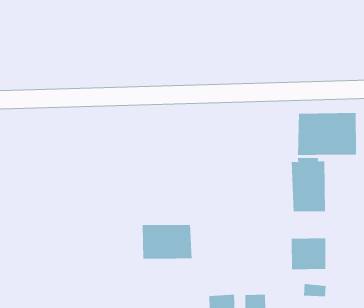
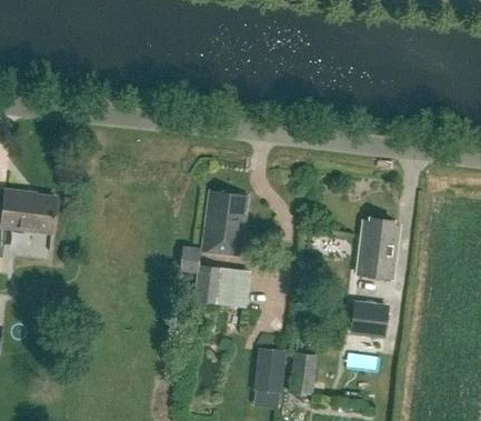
building: [297,112,357,156] -> none
building: none -> [201,190,248,257]

